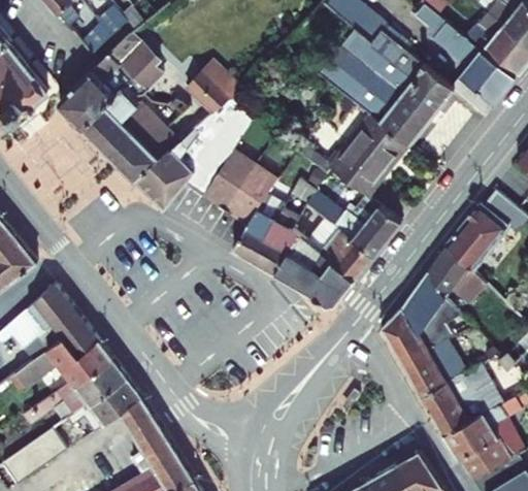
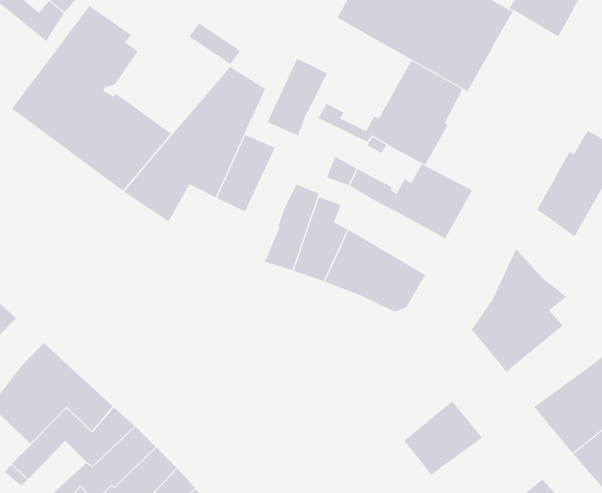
building: [185,69,231,112] -> none
building: [224,165,276,225] -> [267,58,328,136]
building: [305,218,373,281] -> none
building: [426,244,486,305] -> none
building: [403,340,464,395] -> [404,400,483,476]

